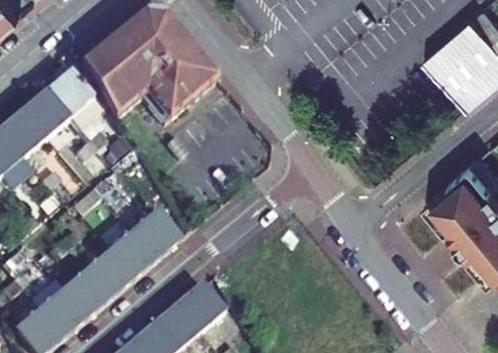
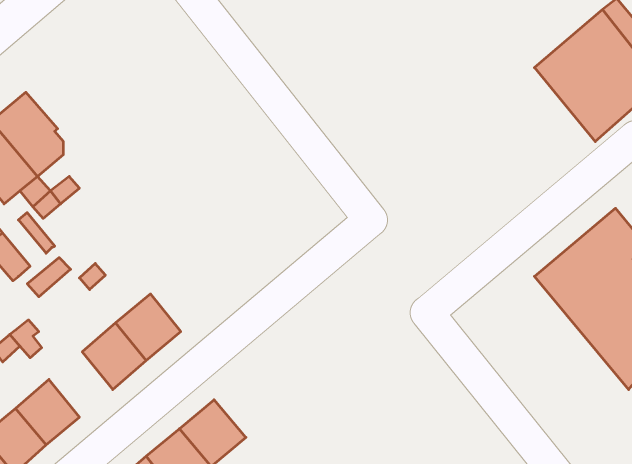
building: [81,10,217,120] -> none
building: [86,250,130,296] -> none

